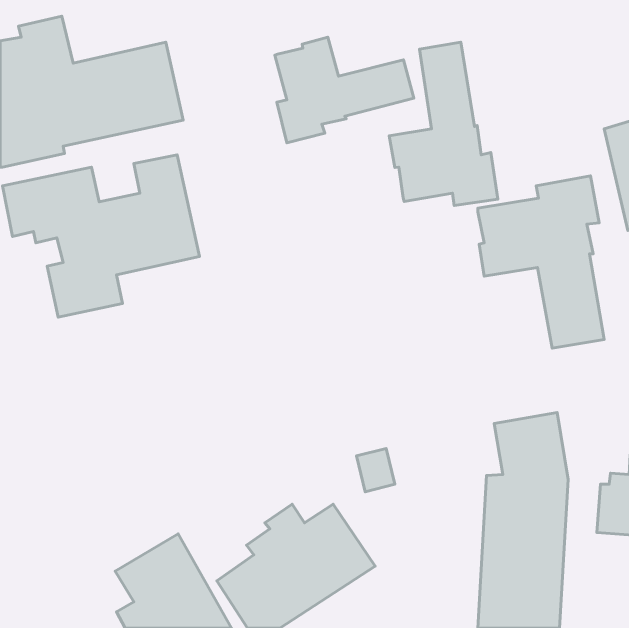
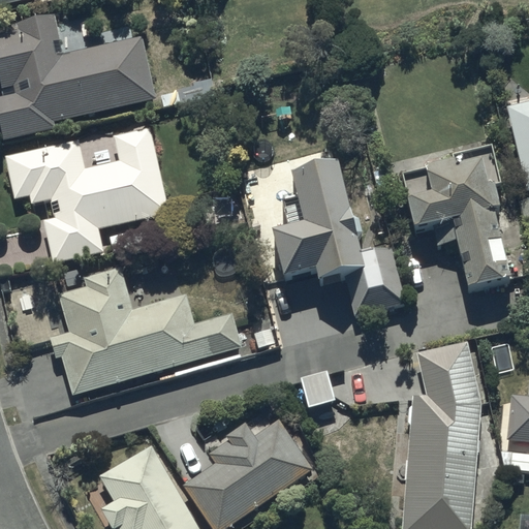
building: [275,37,414,143] -> none
building: [389,42,498,205] -> none
building: none -> [270,164,410,318]
building: none -> [50,267,244,394]

